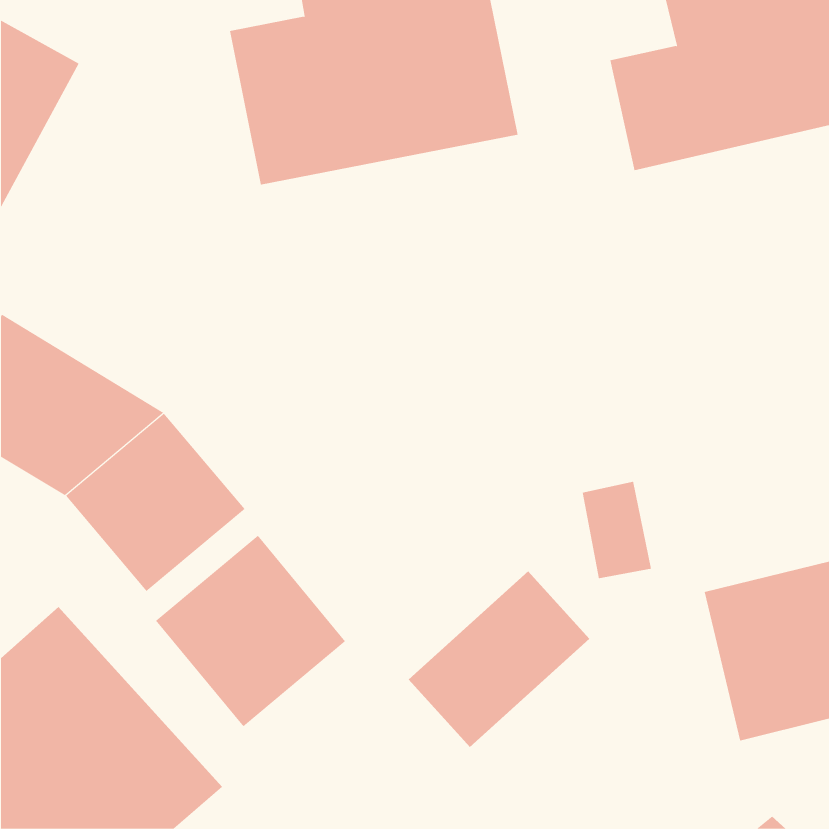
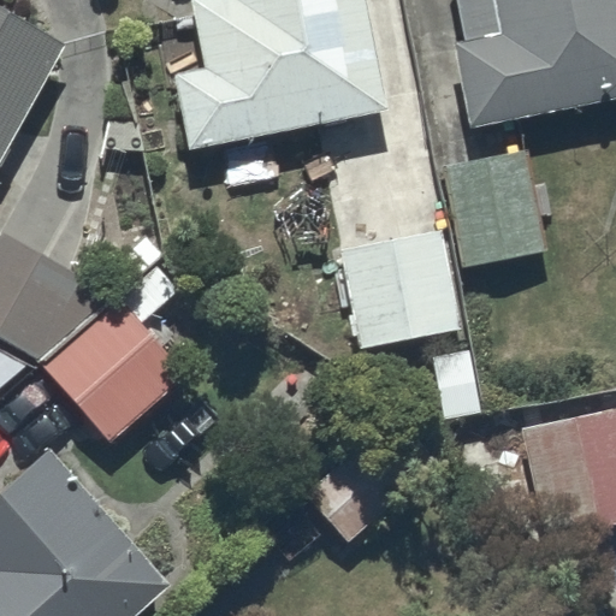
building: none -> [442,161,545,276]
building: none -> [339,241,463,359]
building: [155,535,346,727] -> none

